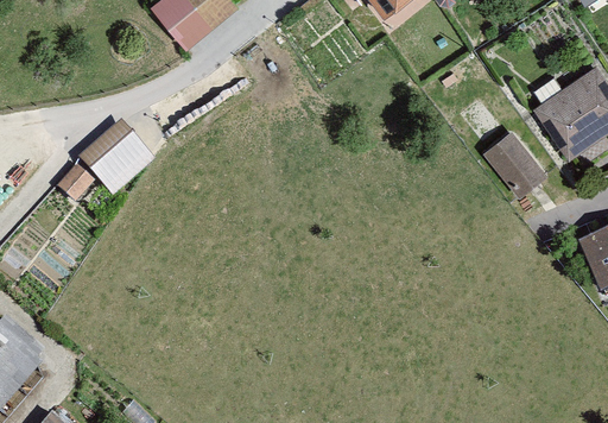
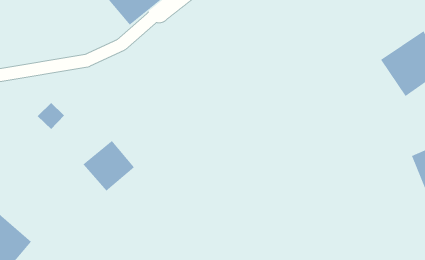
building: [81,122,154,195] -> [83,140,135,192]
building: [484,127,543,191] -> none

